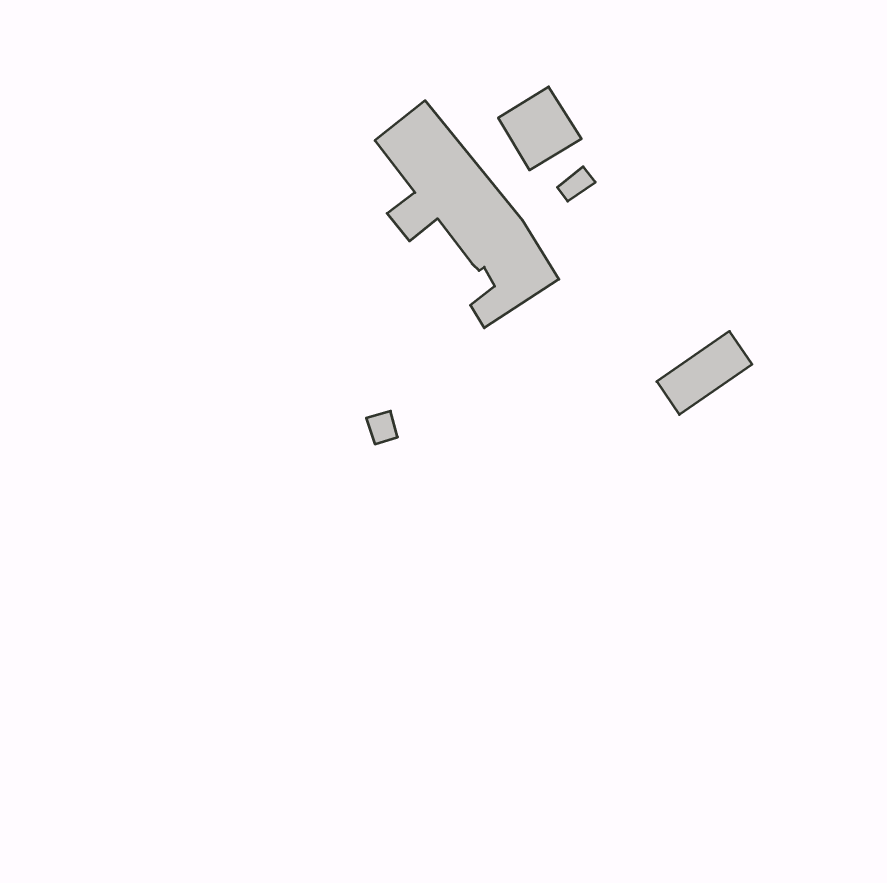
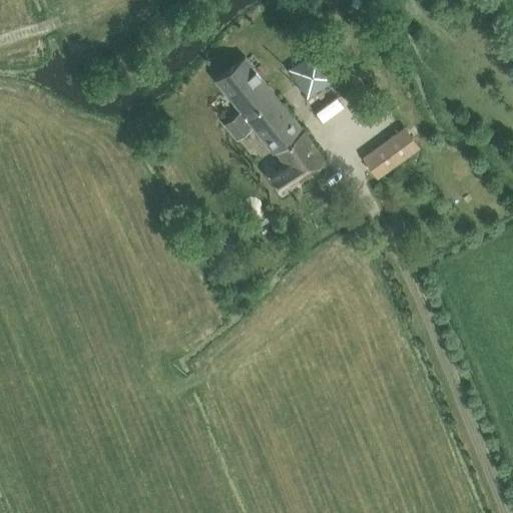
building: [657,331,752,415] -> [364,129,419,177]

